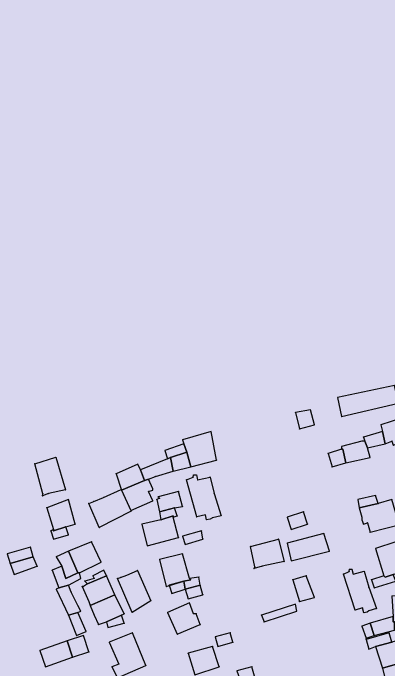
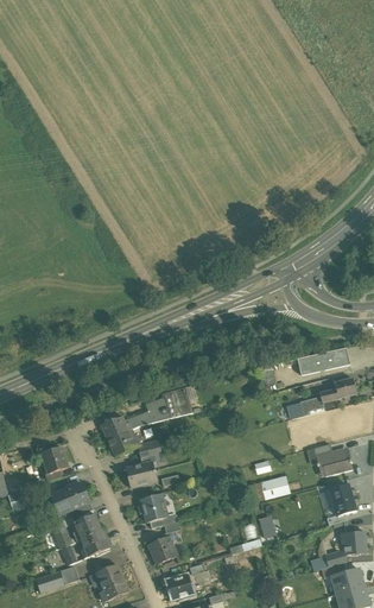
building: [35,457,65,496] -> none
building: [186,475,221,520] -> none
building: [89,490,131,528] -> none
building: [251,539,284,569] -> none
building: [343,569,376,613] -> none
building: [117,570,151,612] -> none

